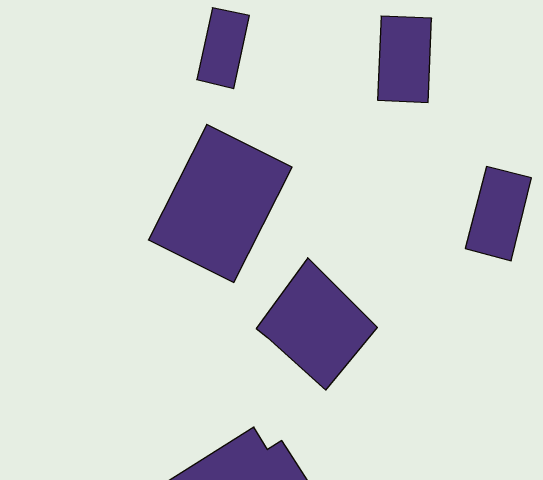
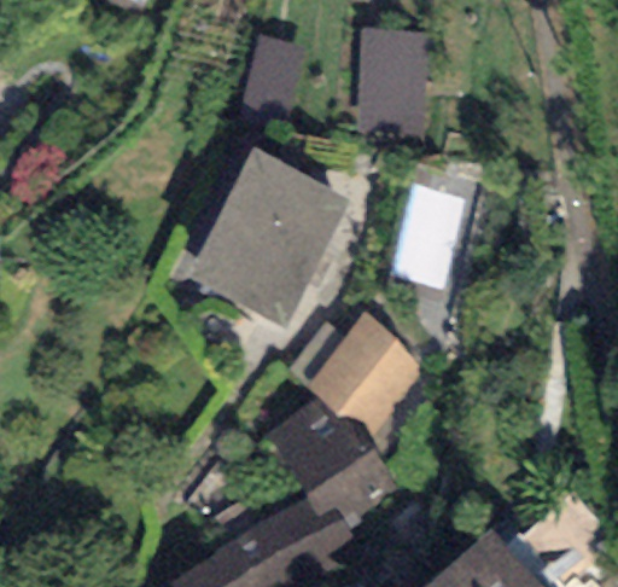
building: [378,16,432,102] -> [362,33,420,126]
building: [465,167,531,261] -> [404,184,476,285]
building: none -> [263,390,398,515]

